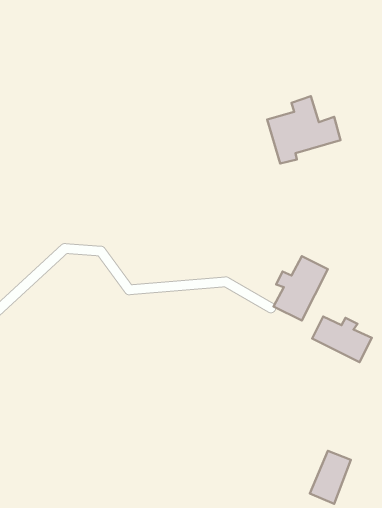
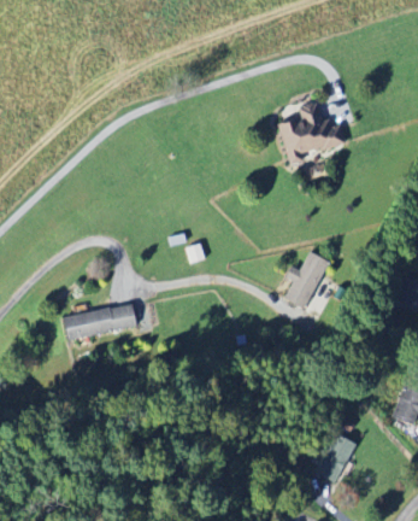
building: none -> [61,304,135,339]
building: [312,317,372,362] -> none

